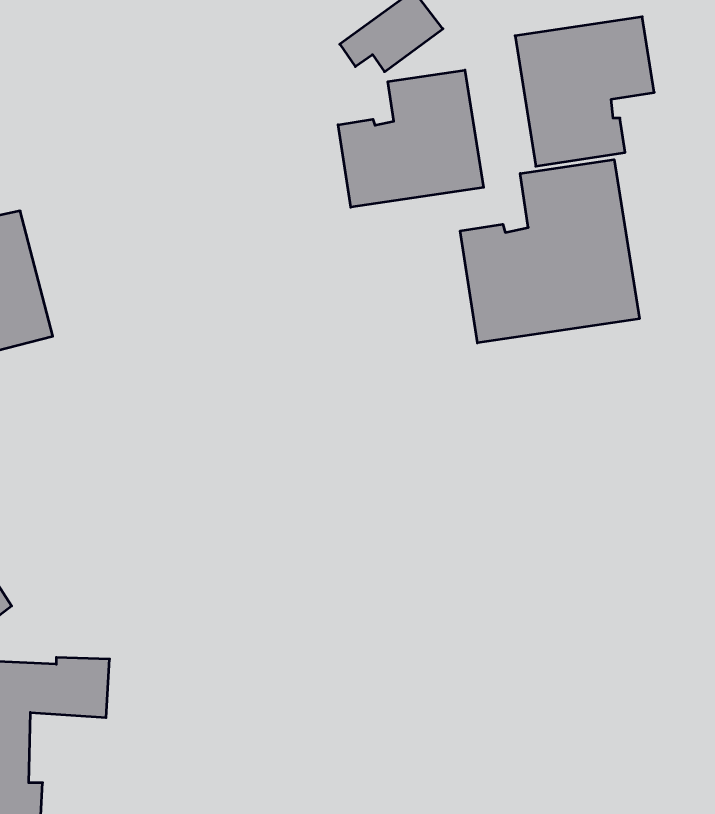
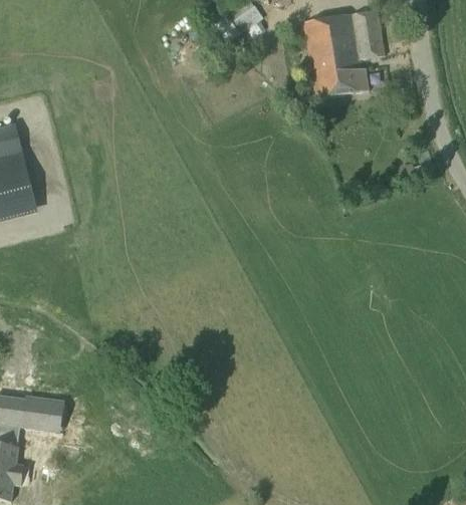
building: [338,70,484,207] -> none
building: [460,160,639,343] -> none

